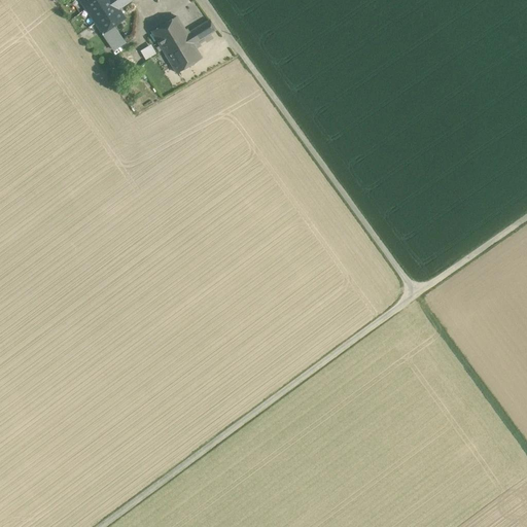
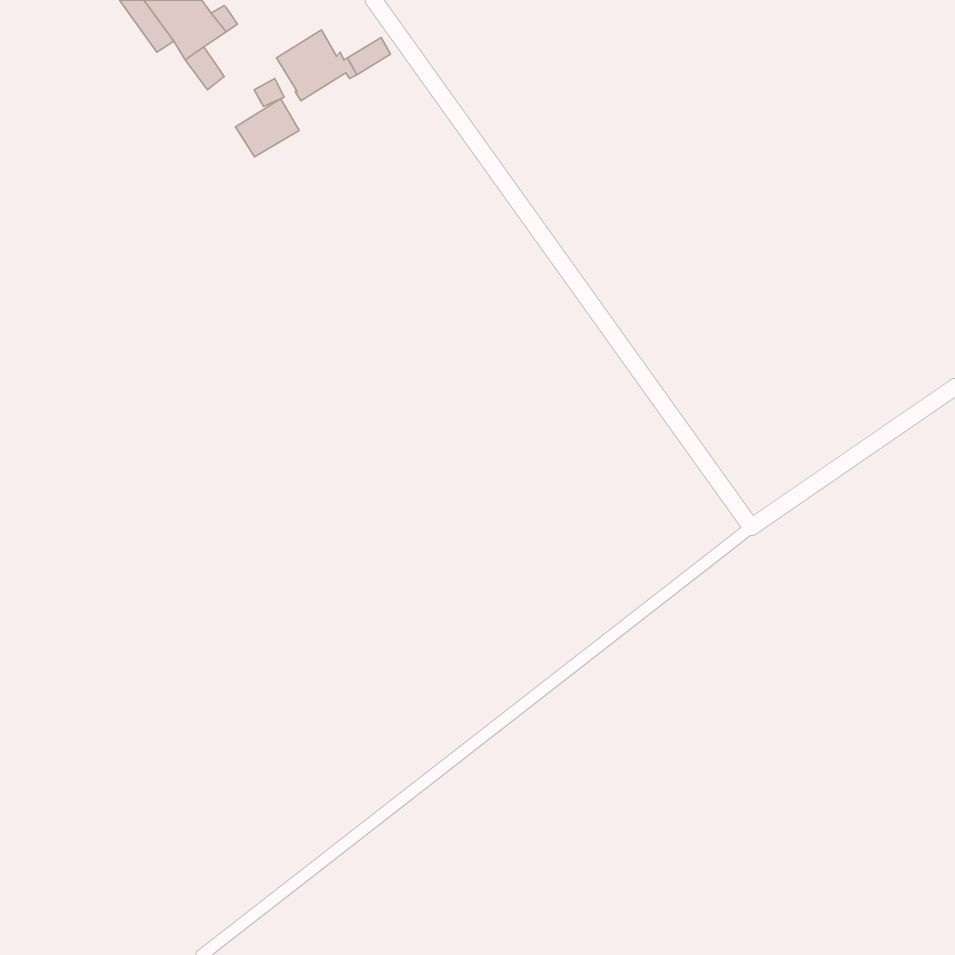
building: [166,40,201,72] -> [236,99,299,157]

